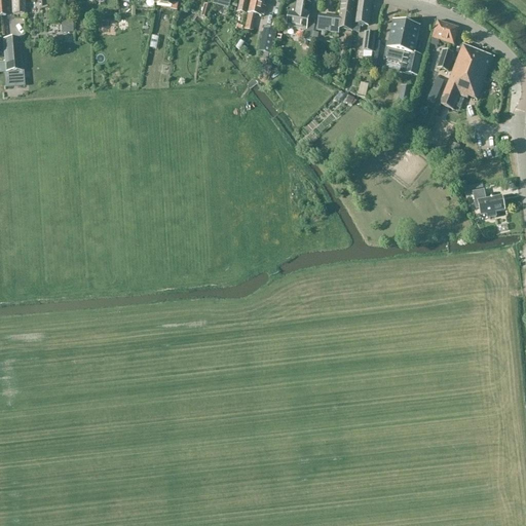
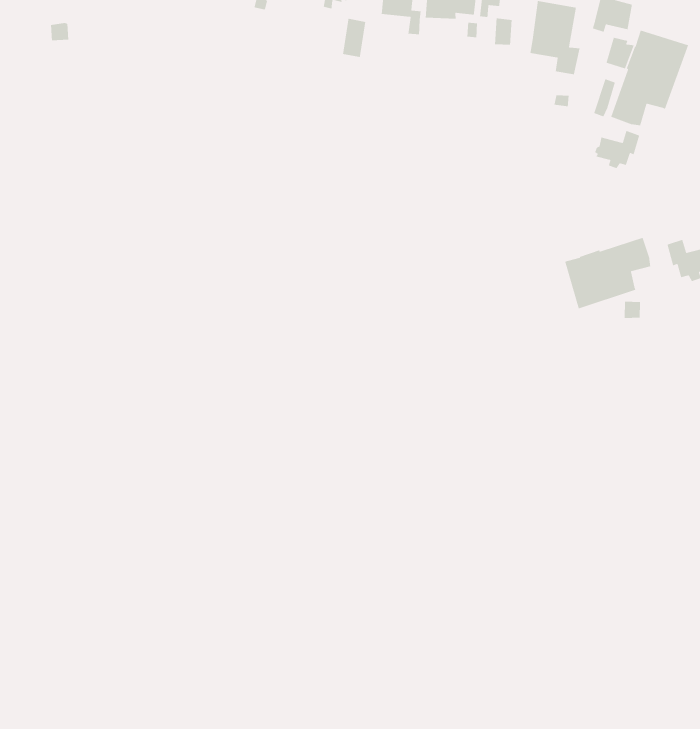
building: none -> [594,130,640,169]
building: none -> [564,237,651,310]

